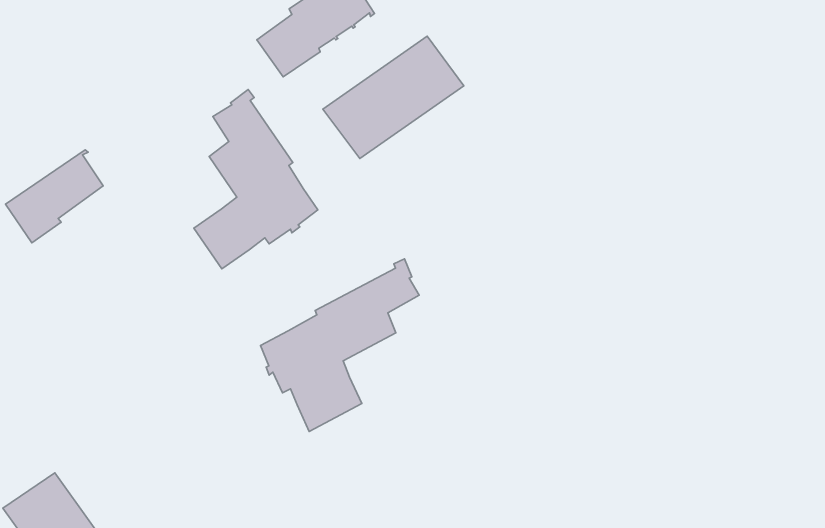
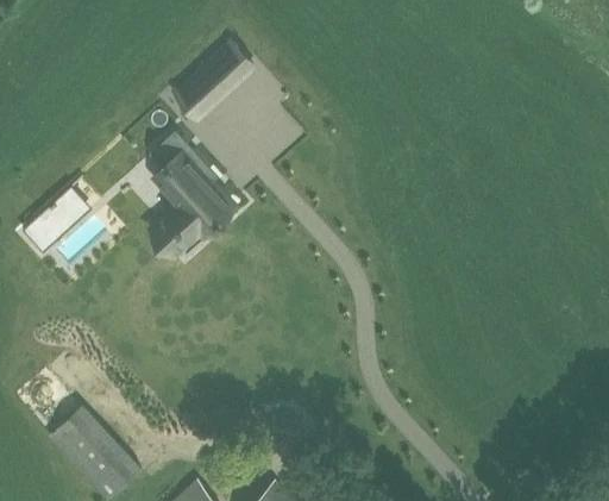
building: [323,36,464,159] -> none
building: [261,259,419,432] -> none

